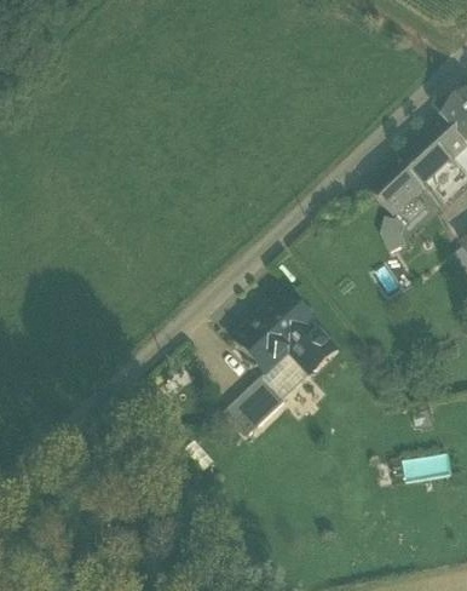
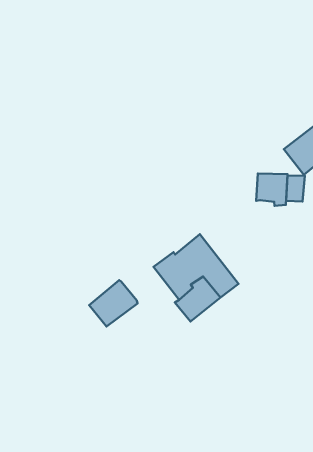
building: none -> [256,173,288,206]
building: [226,377,283,432] -> [89,280,138,326]

